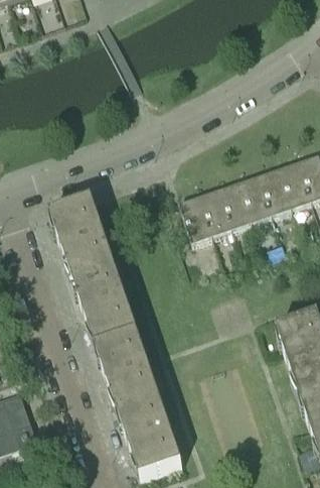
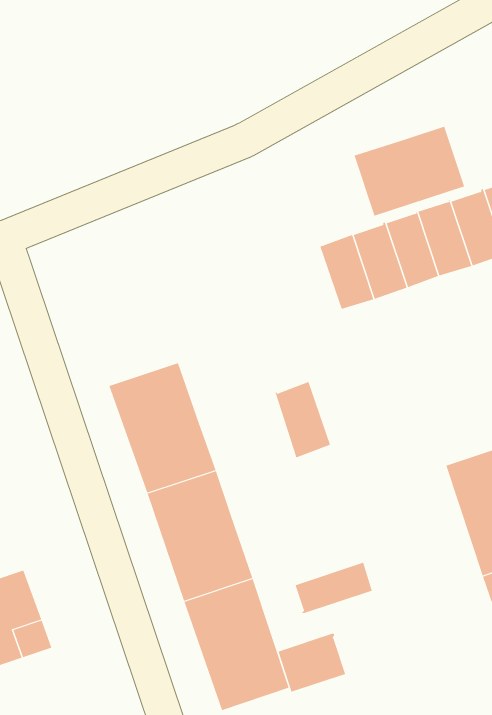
building: none -> [354,126,465,216]
building: [179,195,213,242] -> [274,380,331,458]
building: [50,200,115,280] -> none
building: none -> [295,562,373,614]
building: none -> [278,633,346,693]

